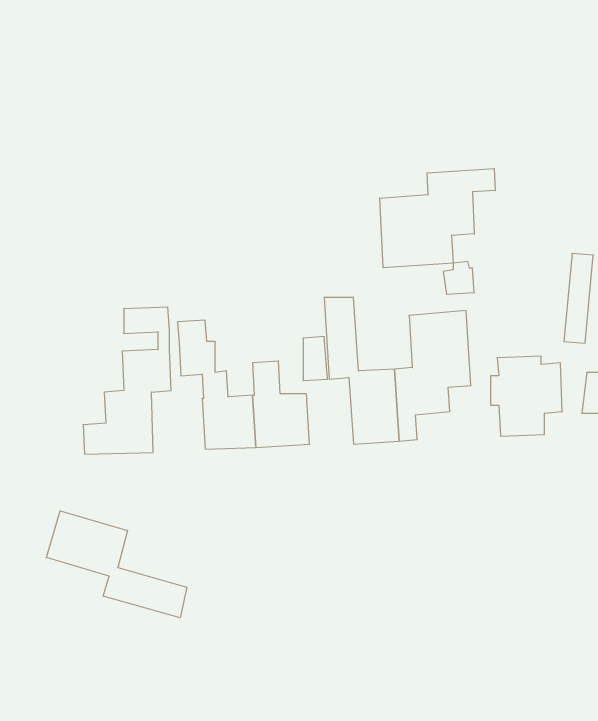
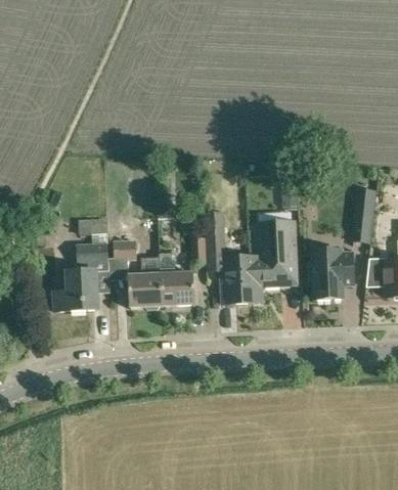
building: [380,169,495,268] -> none
building: [46,511,187,618] -> none

